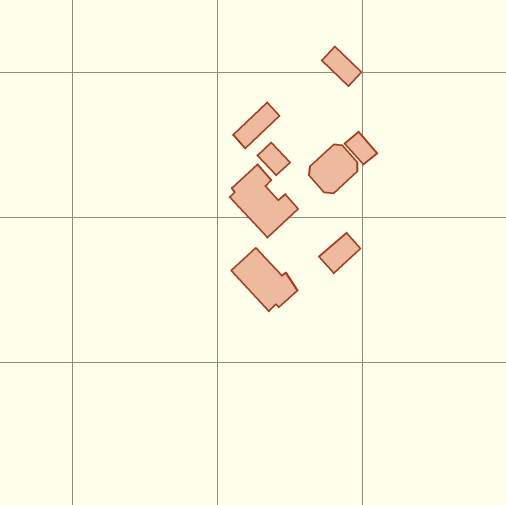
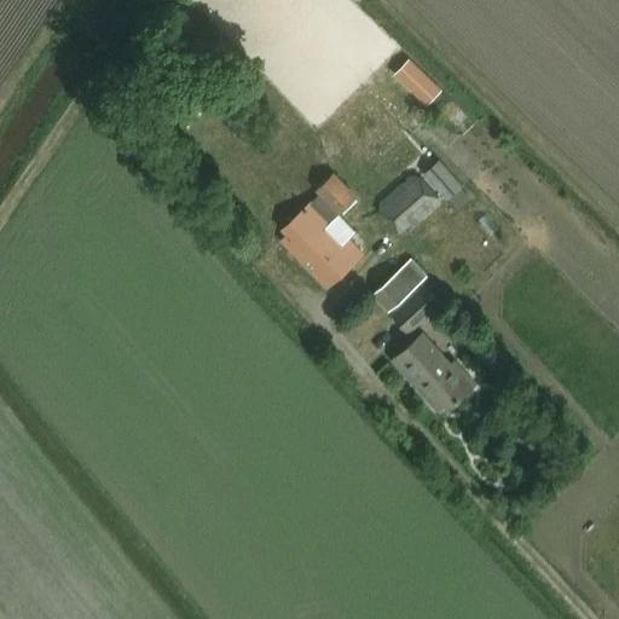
building: [233,102,279,148] -> none
building: none -> [375,264,421,308]
building: [231,248,298,311] -> [393,332,474,410]

